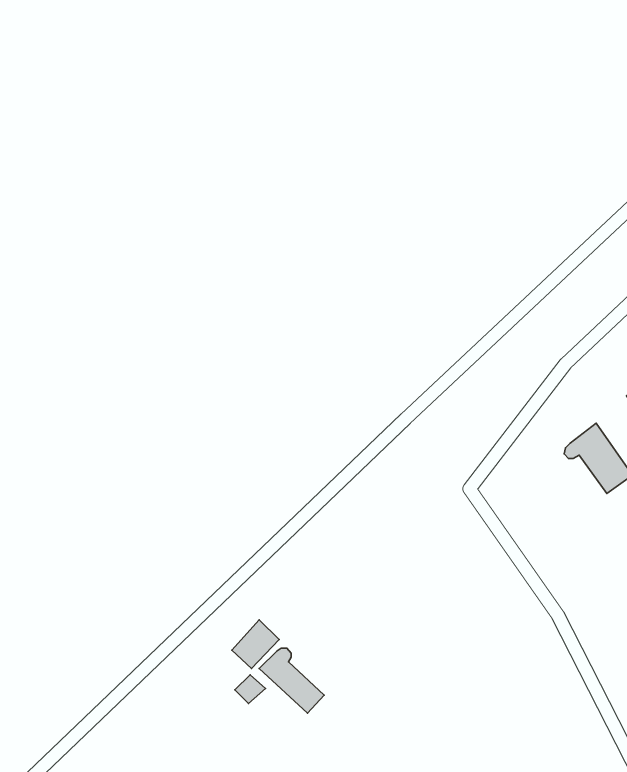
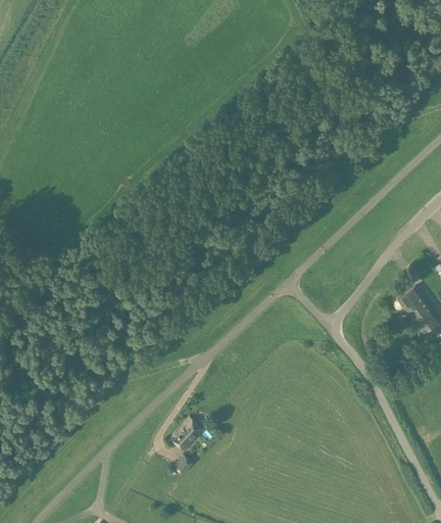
building: [259,648,324,713] -> none

